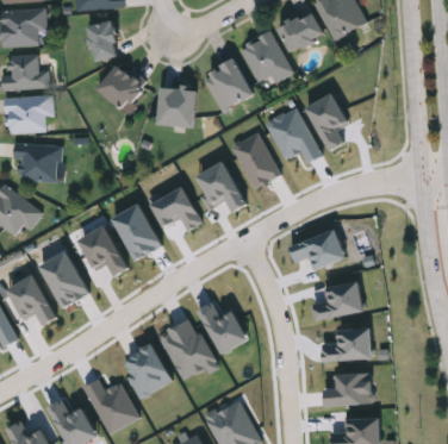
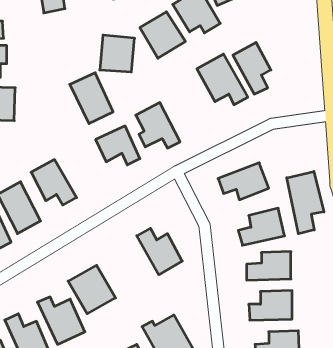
building: [97,63,143,110] -> none
building: [232,131,281,189] -> none
building: [113,204,162,261] -> [70,73,113,124]
building: none -> [287,171,324,234]
building: [158,318,218,380] -> none

